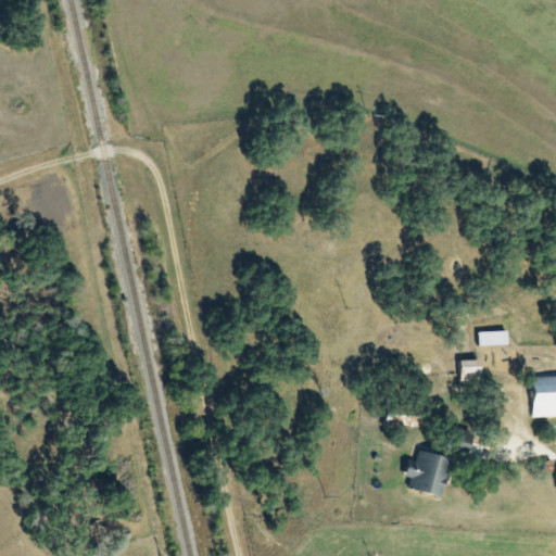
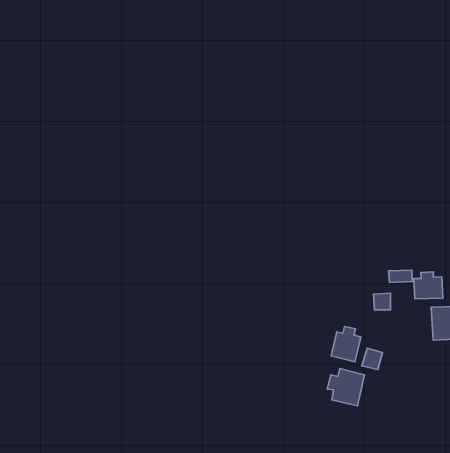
building: none -> [414,272,443,299]
building: none -> [331,326,361,362]

